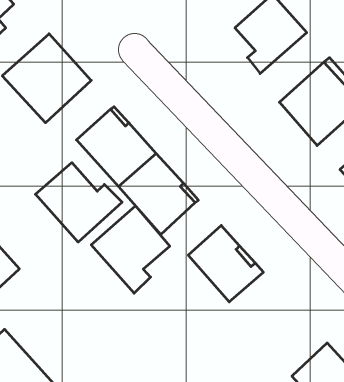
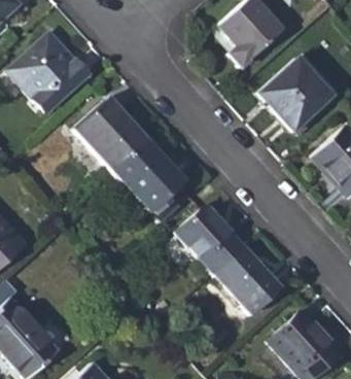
building: [35,163,122,242] -> none
building: [91,206,170,293] -> none
building: none -> [213,247,281,315]

